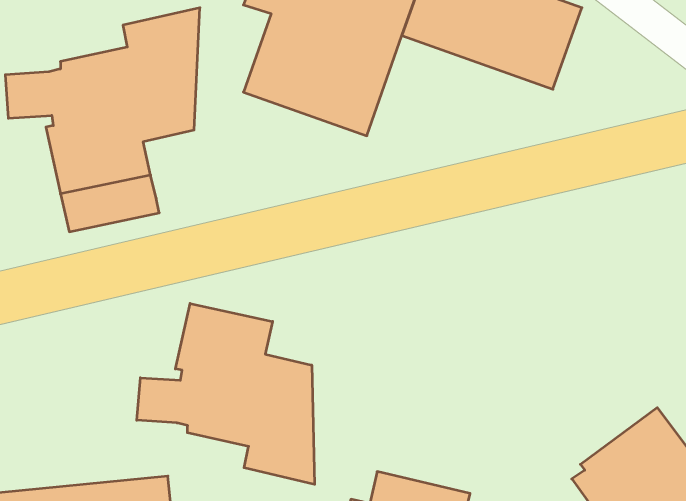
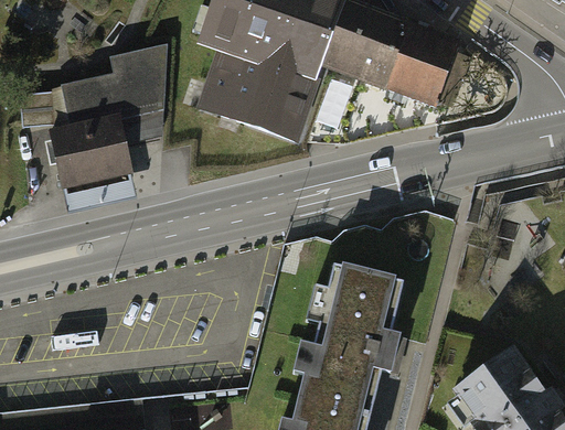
building: none -> [295,262,405,411]
building: [137,303,315,484] -> none

